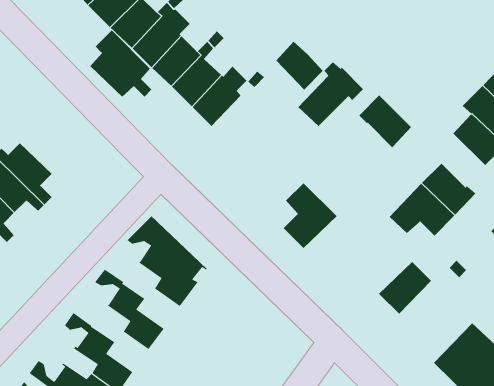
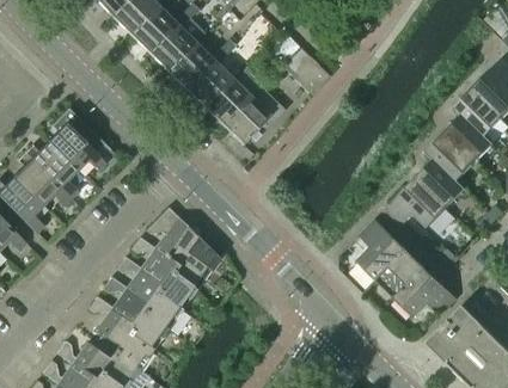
building: [90,30,152,97] -> [48,107,105,170]
building: [298,62,364,127] -> [224,85,284,144]
building: [358,95,412,148] -> [426,133,475,181]
building: [283,182,337,249] -> [357,218,408,279]
building: none -> [130,236,195,312]
building: none -> [396,267,457,316]
building: none -> [102,276,166,351]

